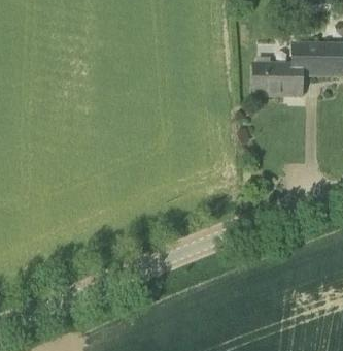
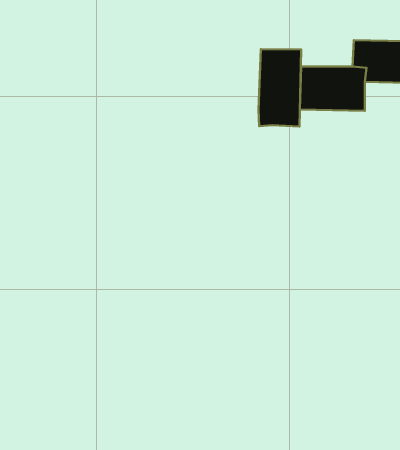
building: none -> [259,49,301,126]

